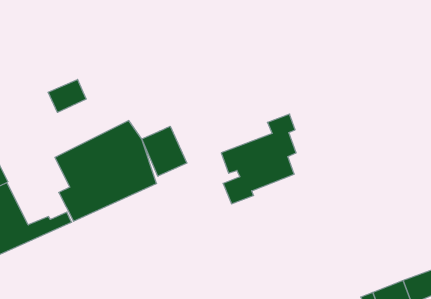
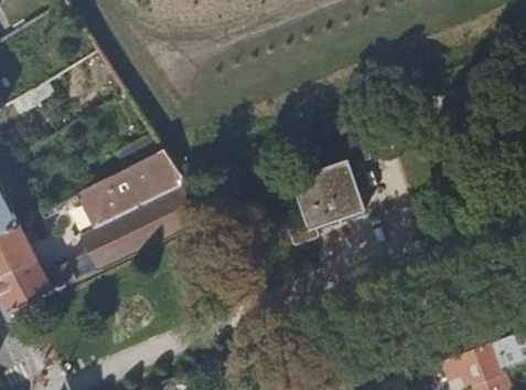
building: [48,79,86,112] -> none
building: [142,126,187,176] -> none

